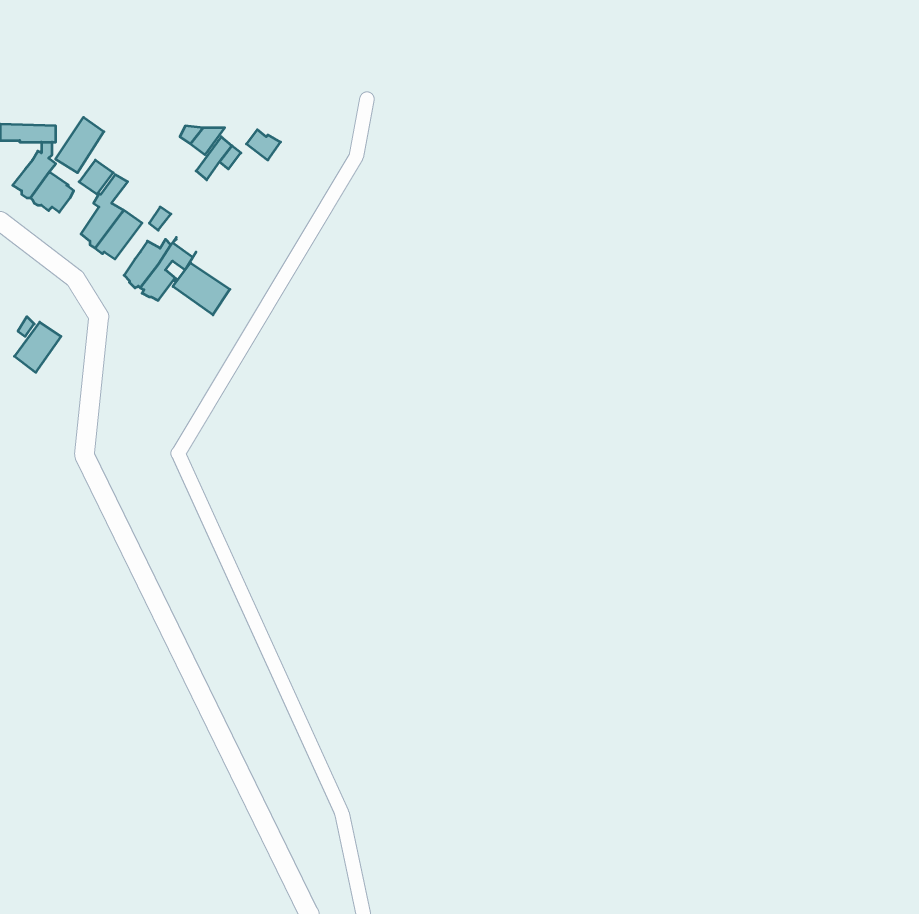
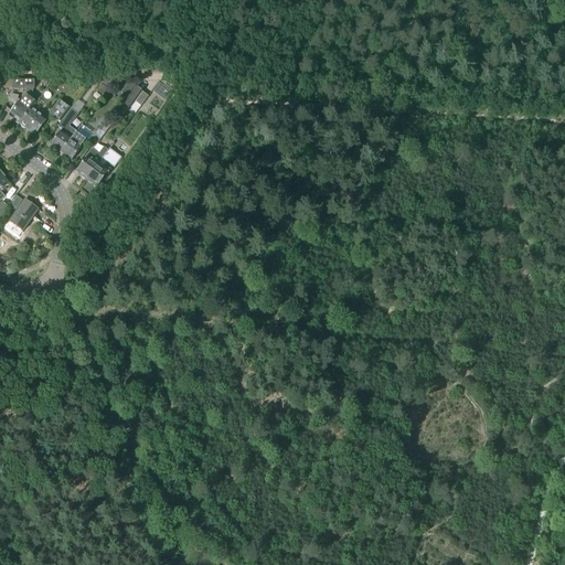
building: [56,117,104,173] -> none
building: [173,263,230,315] -> none

